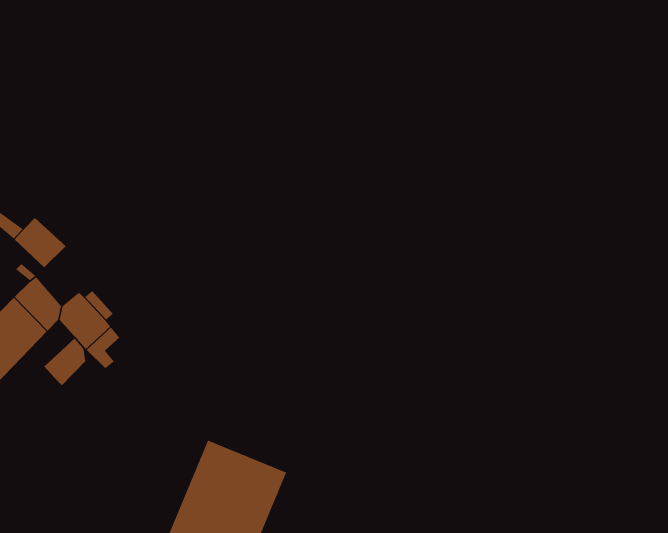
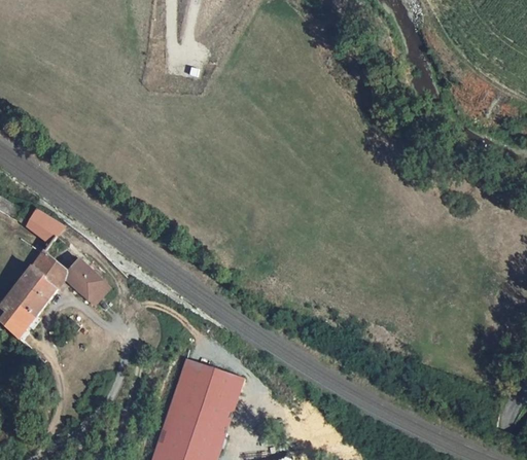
building: [43,338,86,386] -> none

